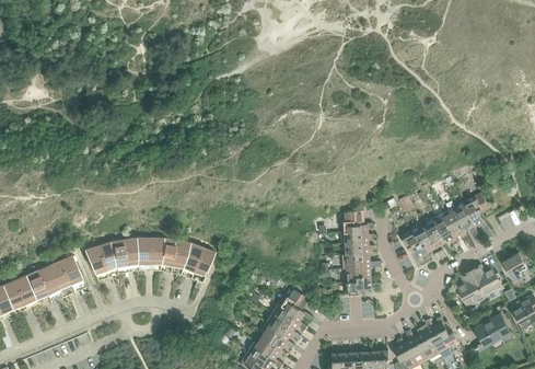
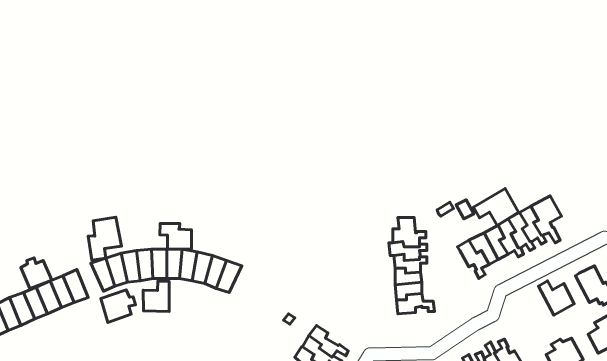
building: none -> [474,188,518,226]
building: none -> [88,217,121,260]
building: none -> [160,224,191,249]
building: none -> [21,258,52,289]
building: none -> [143,281,169,312]
building: [456,270,482,304] -> none
building: none -> [101,290,136,322]
building: [278,293,312,322] -> none

